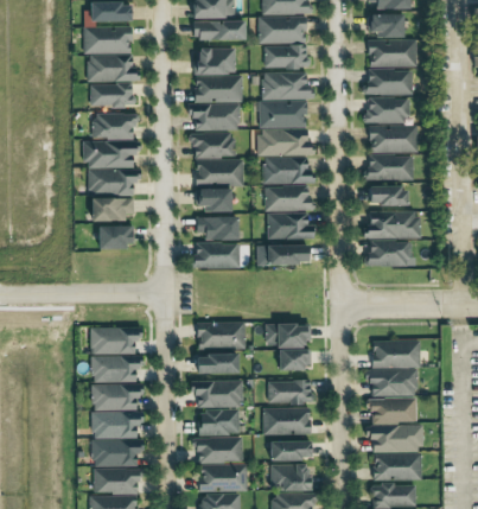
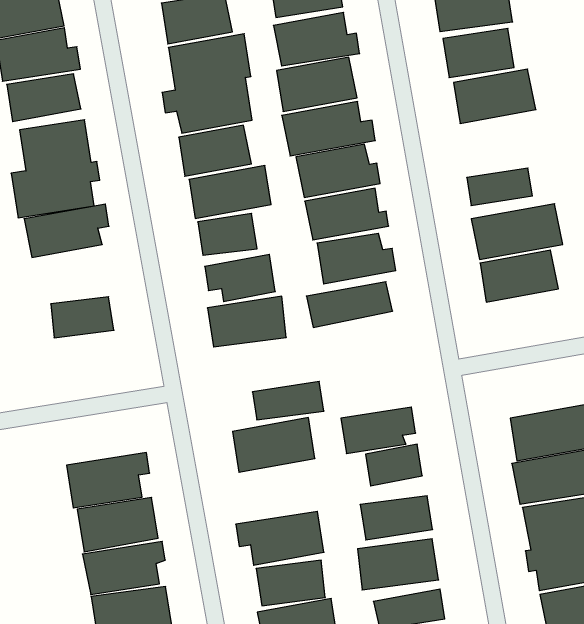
building: [367,155,413,182] -> none
building: [89,198,134,222] -> none
building: [195,355,237,374] -> [252,381,324,420]

